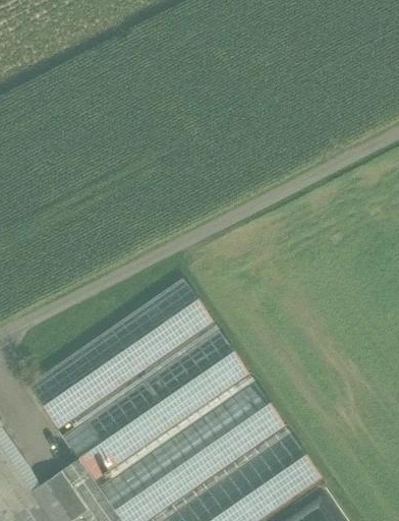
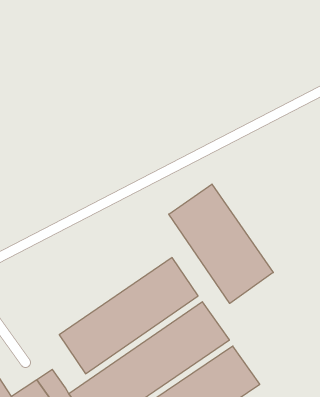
building: none -> [169,184,273,303]
building: [27,280,215,432] -> none
building: [63,422,118,484] -> none

